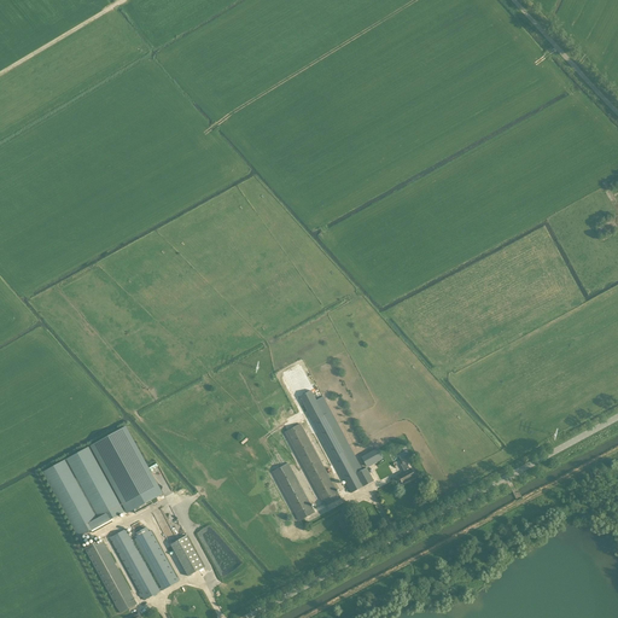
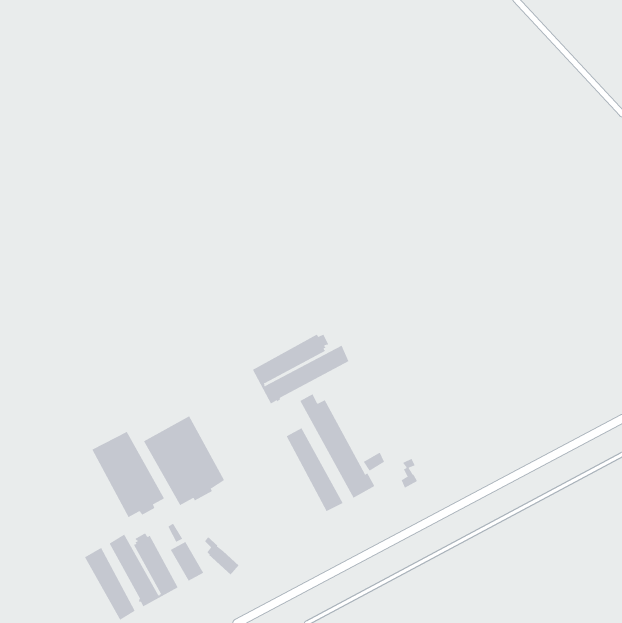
building: none -> [252,334,349,404]
building: [37,448,118,537] -> [143,415,225,506]
building: [270,462,313,520] -> none

